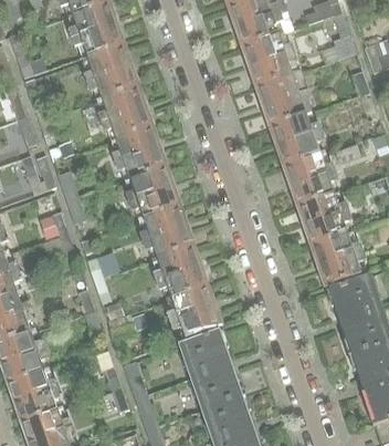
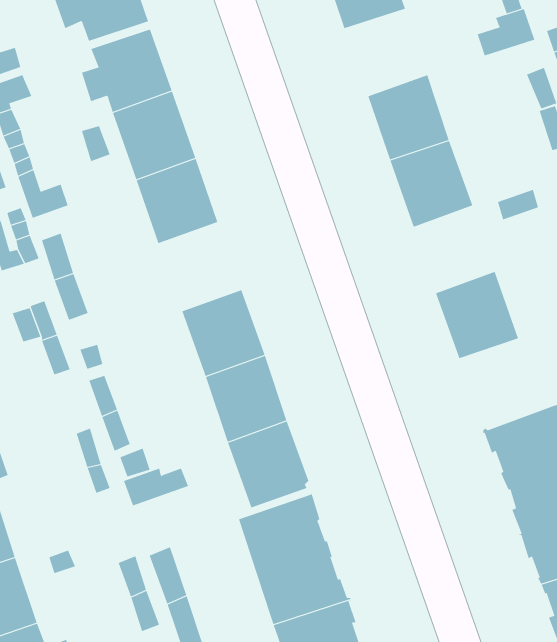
building: [241,33,292,86] -> none
building: [283,153,333,206] -> none
building: [128,163,179,217] -> none
building: [311,234,360,283] -> none

